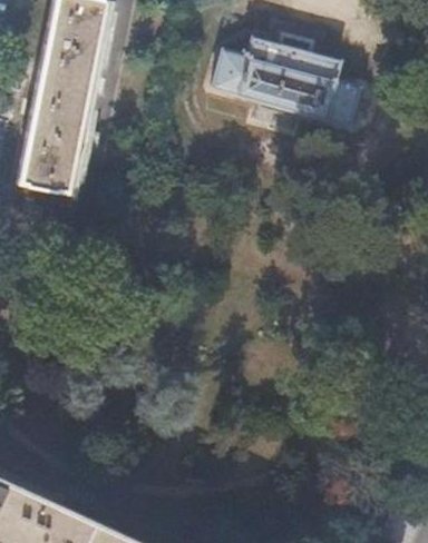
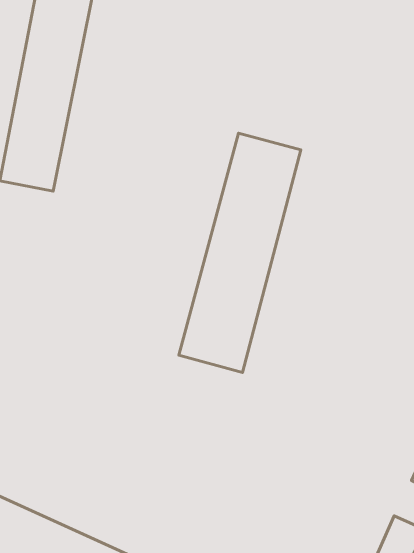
building: [215,37,362,126] -> none
building: none -> [179,133,301,373]

